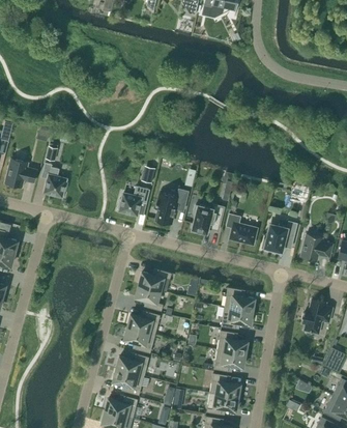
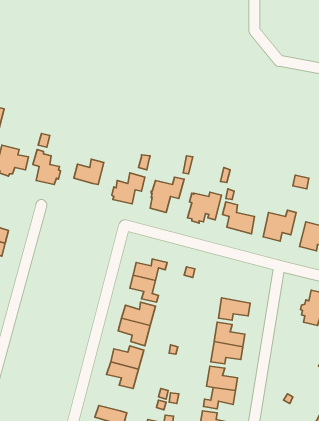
building: none -> [74,159,104,185]
building: [225,287,255,312] -> none
building: [106,396,138,419] -> none

